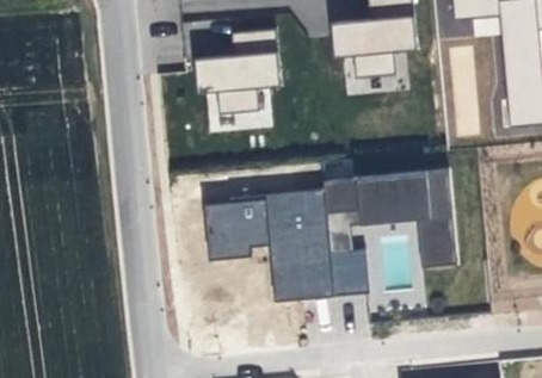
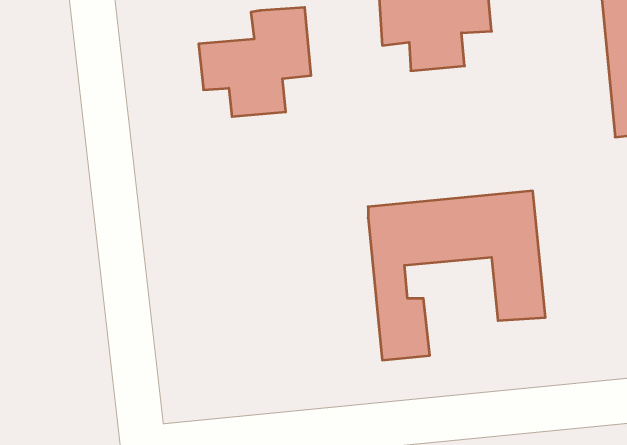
building: [203,190,334,303] -> none

